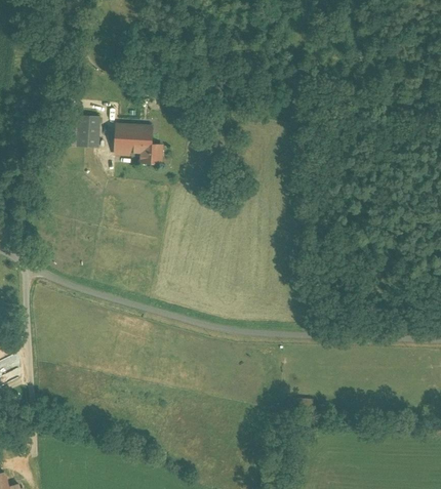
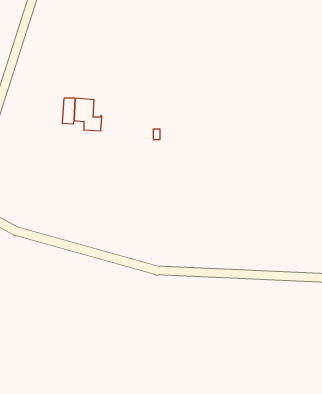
building: [77,115,99,148] -> none

